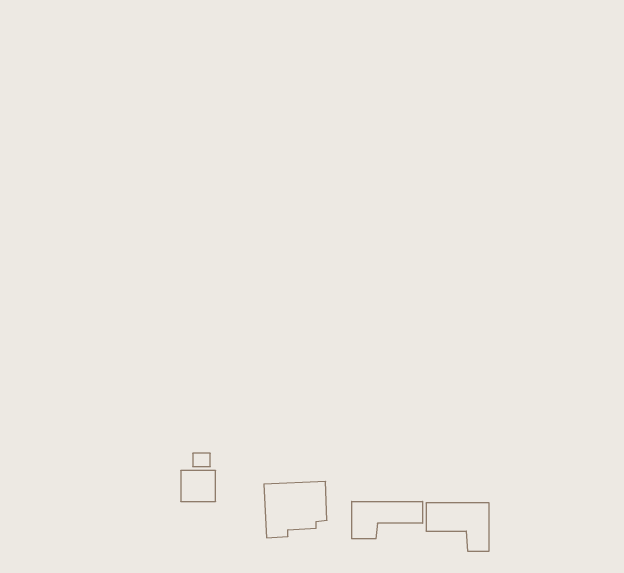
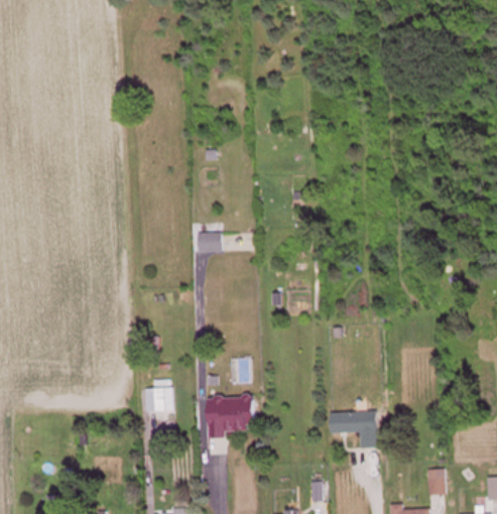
building: none -> [197,233,221,252]
building: [352,501,423,539] -> none

